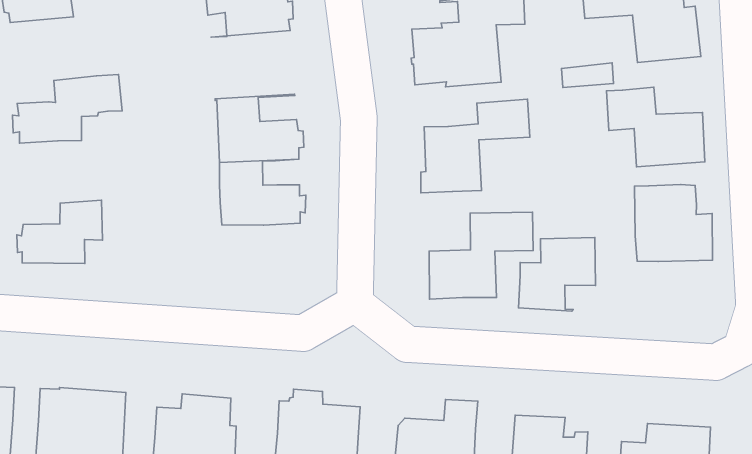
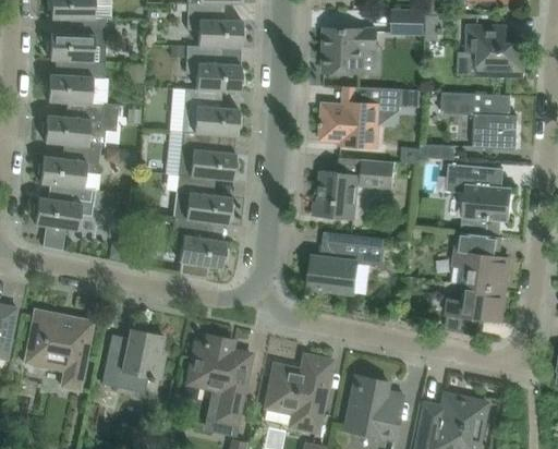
building: none -> [44,60,107,104]
building: none -> [181,88,241,135]
building: none -> [37,144,101,190]
building: none -> [169,217,228,279]
building: [518,237,595,311] -> [445,284,504,337]

